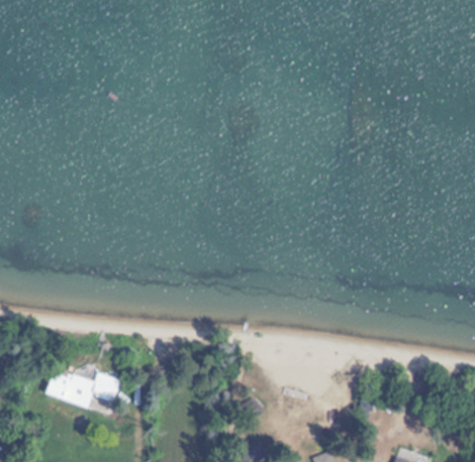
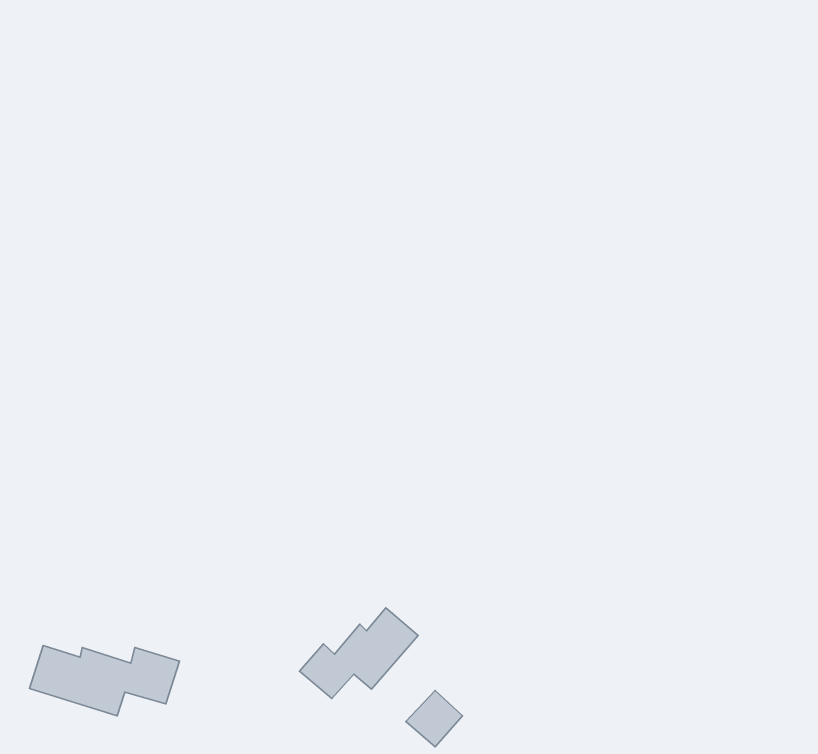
building: none -> [300,608,418,699]

